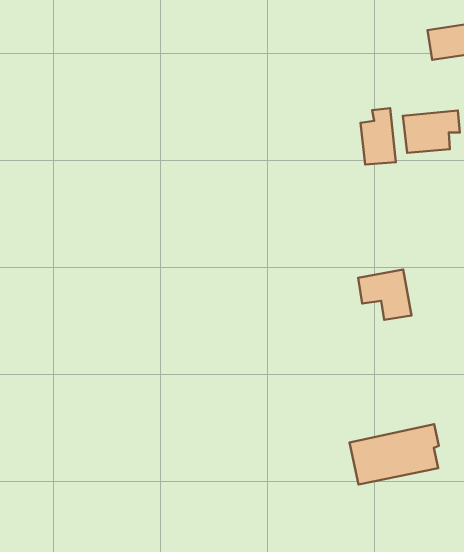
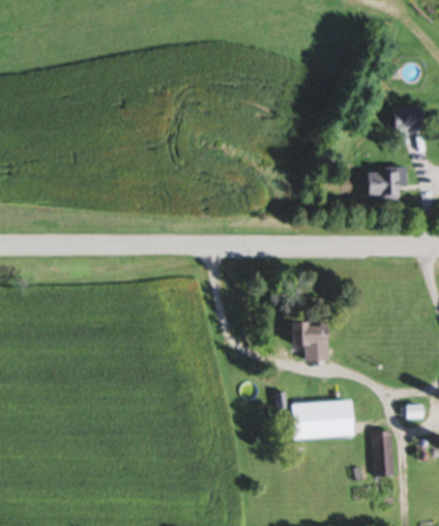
building: [361,108,396,165] -> none
building: [358,270,411,320] -> [292,324,327,359]

